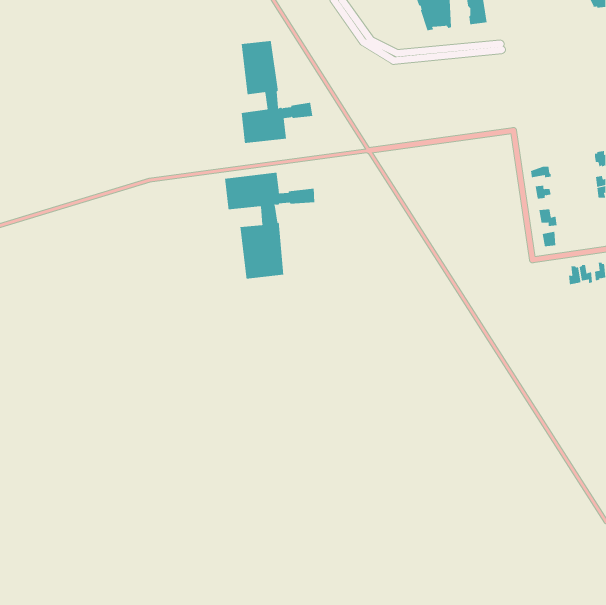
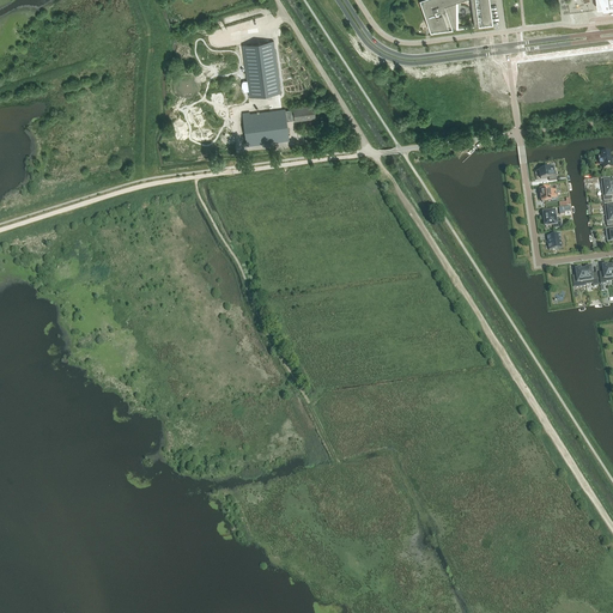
building: [225,172,315,280] -> none

